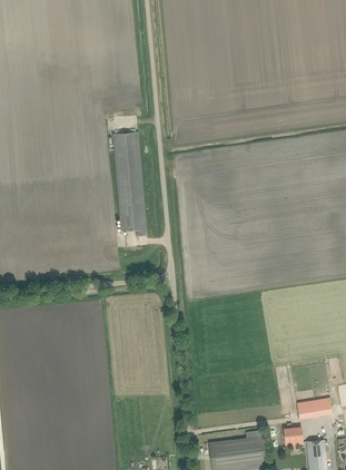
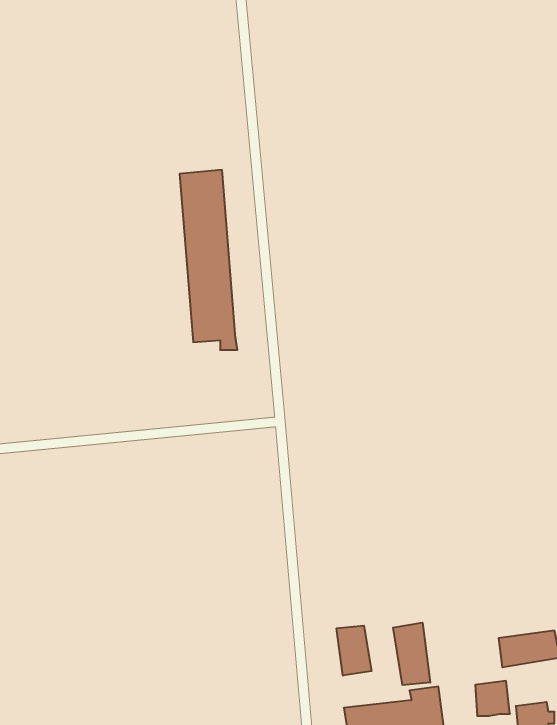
building: none -> [393,623,430,685]
building: none -> [337,626,372,676]

